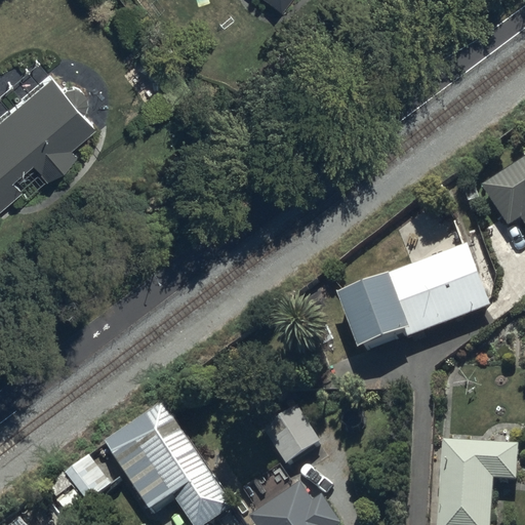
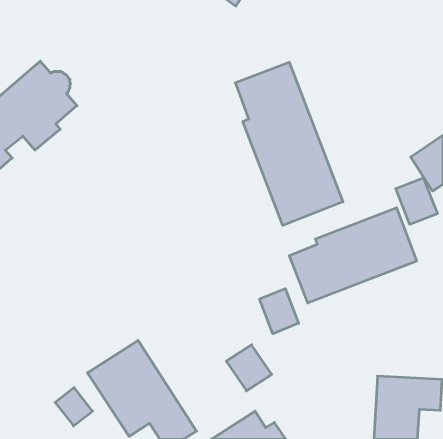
building: none -> [235,62,343,225]
building: none -> [396,178,437,224]
building: none -> [260,289,299,334]

